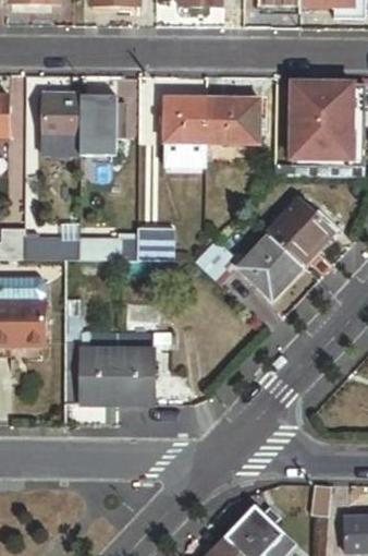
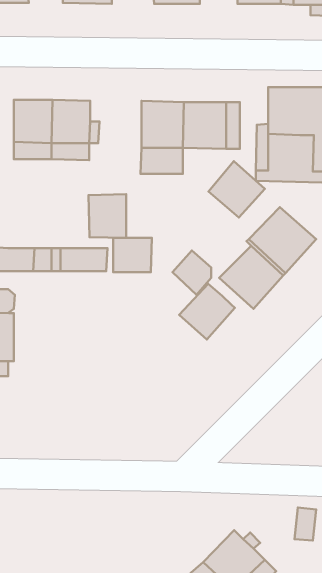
building: none -> [208,161,265,218]
building: none -> [88,194,126,238]
building: none -> [179,284,235,339]
building: [63,316,154,404] -> none

